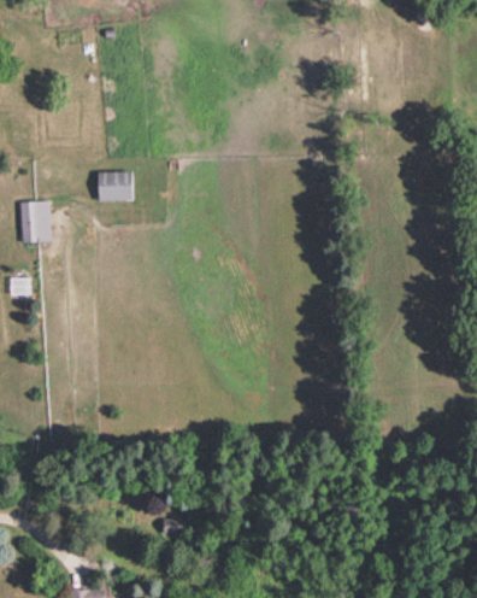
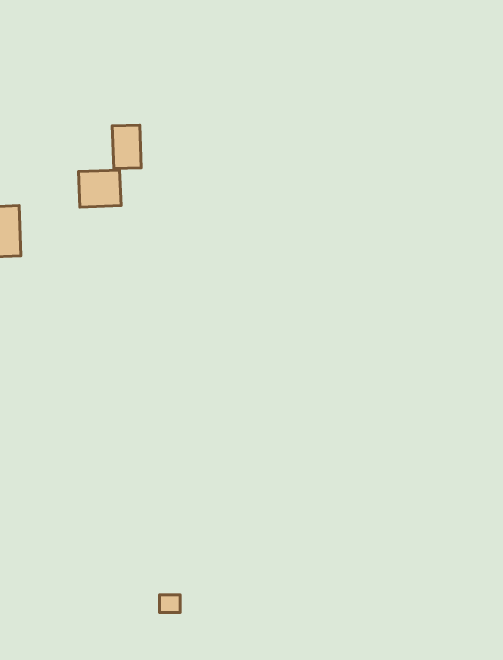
building: none -> [112,125,141,169]

